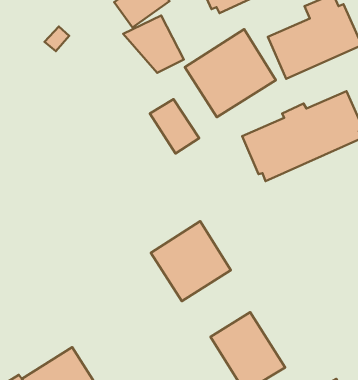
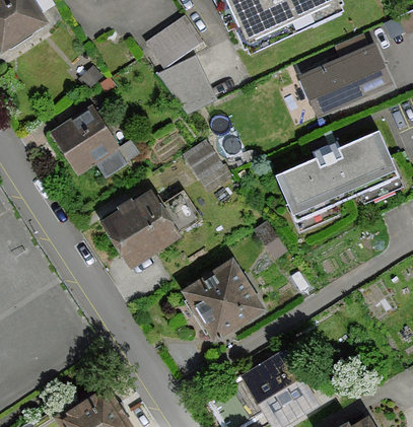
building: [185,29,276,117] -> none
building: none -> [50,105,124,176]
building: none -> [100,189,200,268]

